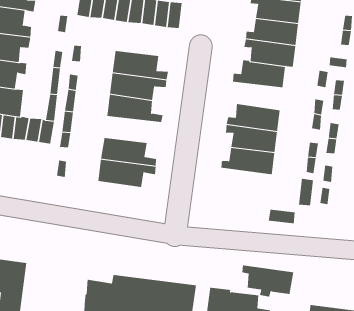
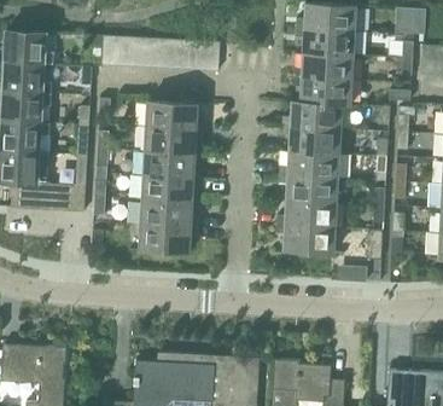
building: none -> [281,127,340,155]
building: none -> [142,176,206,203]
building: [242,265,294,297] -> [276,225,336,259]

